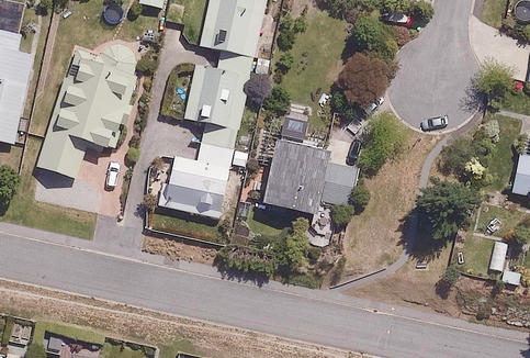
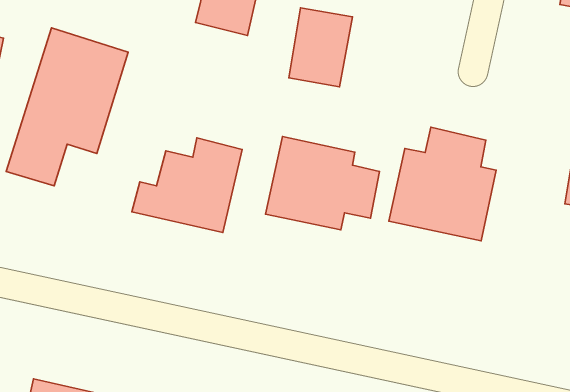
building: [185,63,239,130] -> [289,8,352,87]
building: none -> [389,127,496,241]

